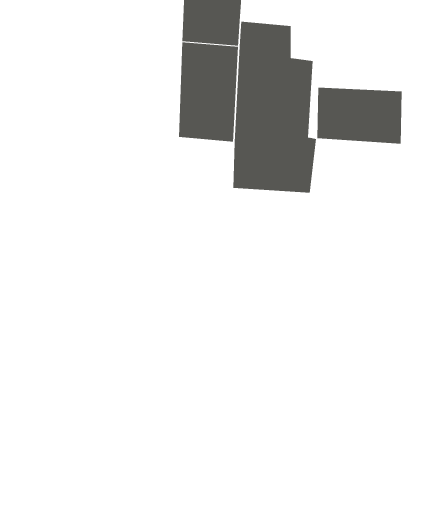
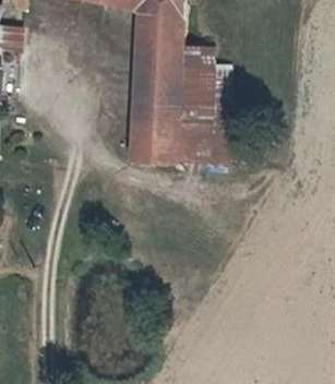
building: [317,87,402,145] -> none
building: none -> [131,122,170,157]

